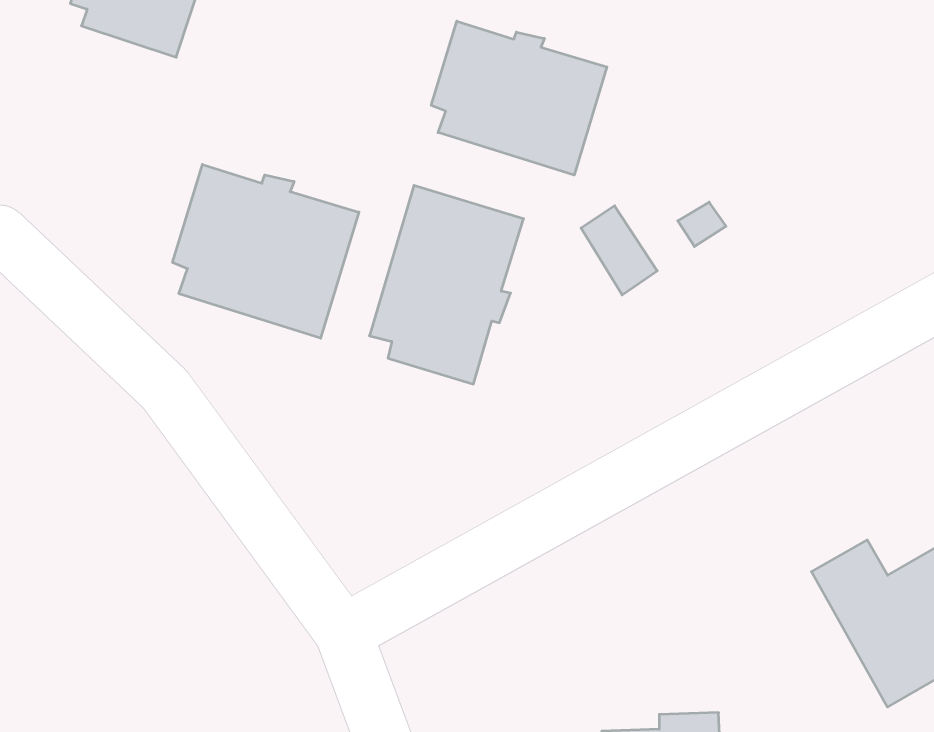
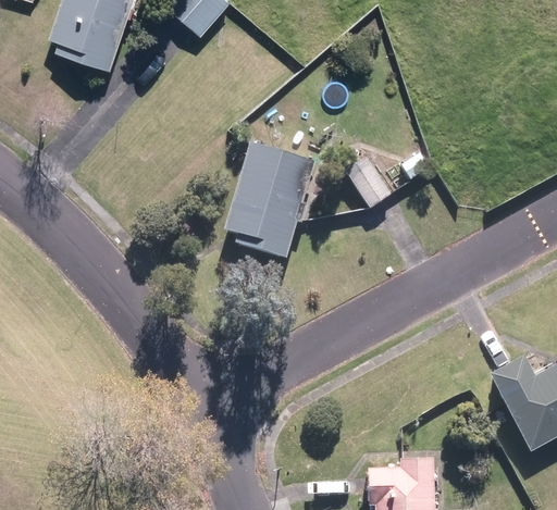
building: [431,21,607,175] -> none
building: [173,164,359,338] -> none

